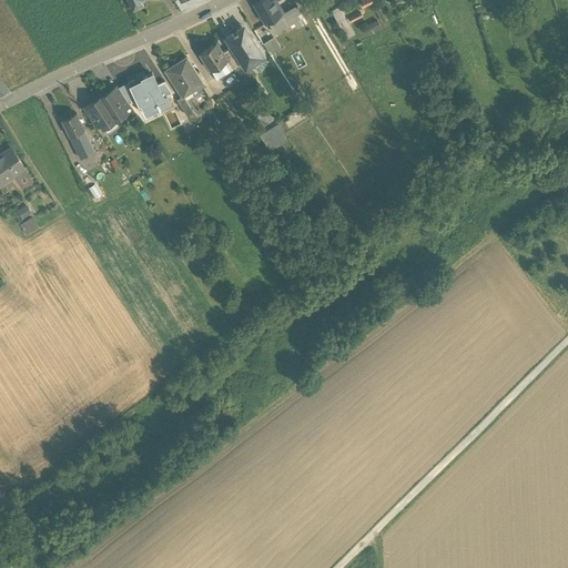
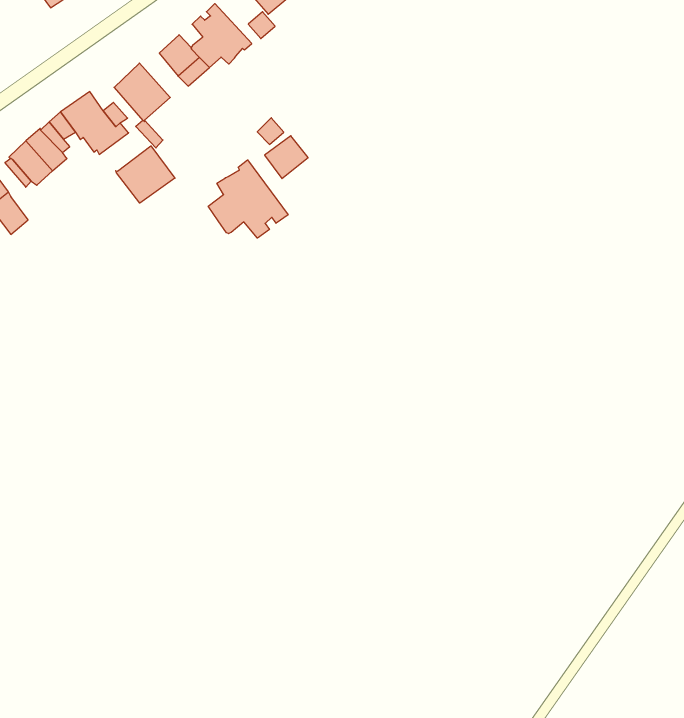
building: none -> [116,146,175,203]
building: none -> [208,160,288,238]

